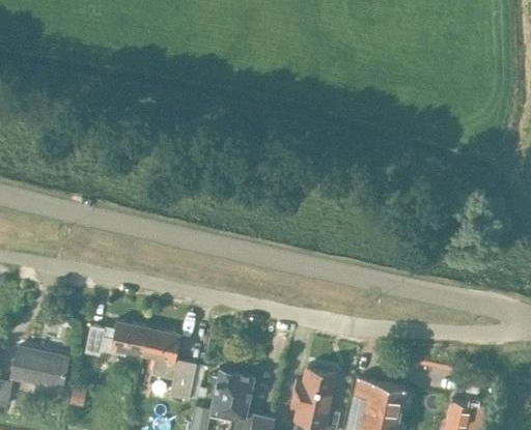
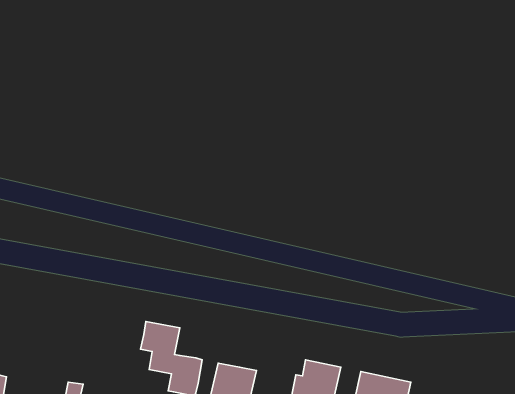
building: [85,322,148,355] -> none
building: [11,348,68,389] -> none

